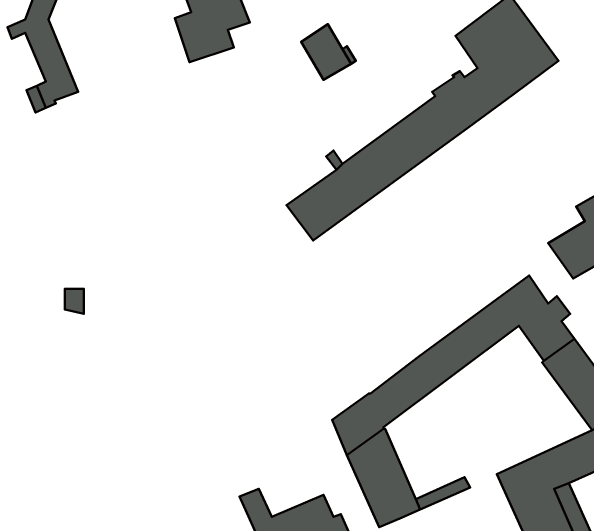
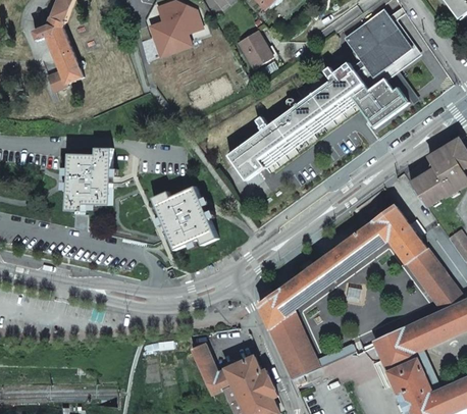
building: none -> [354,79,408,127]
building: none -> [67,148,111,209]
building: none -> [152,186,217,249]

